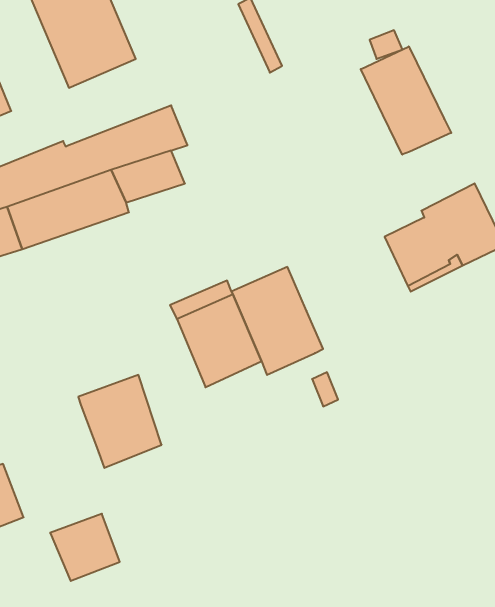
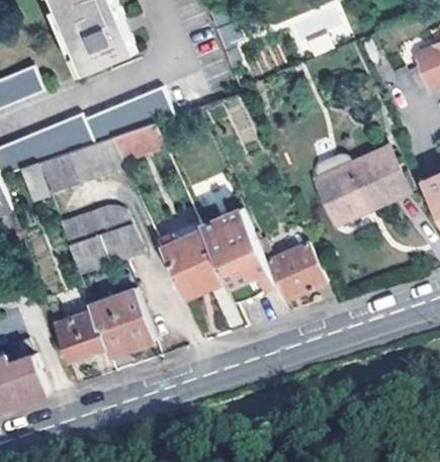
building: [361,46,451,155] -> none
building: none -> [60,206,145,275]
building: none -> [259,222,328,299]
building: [50,514,120,581] -> [54,310,105,360]

